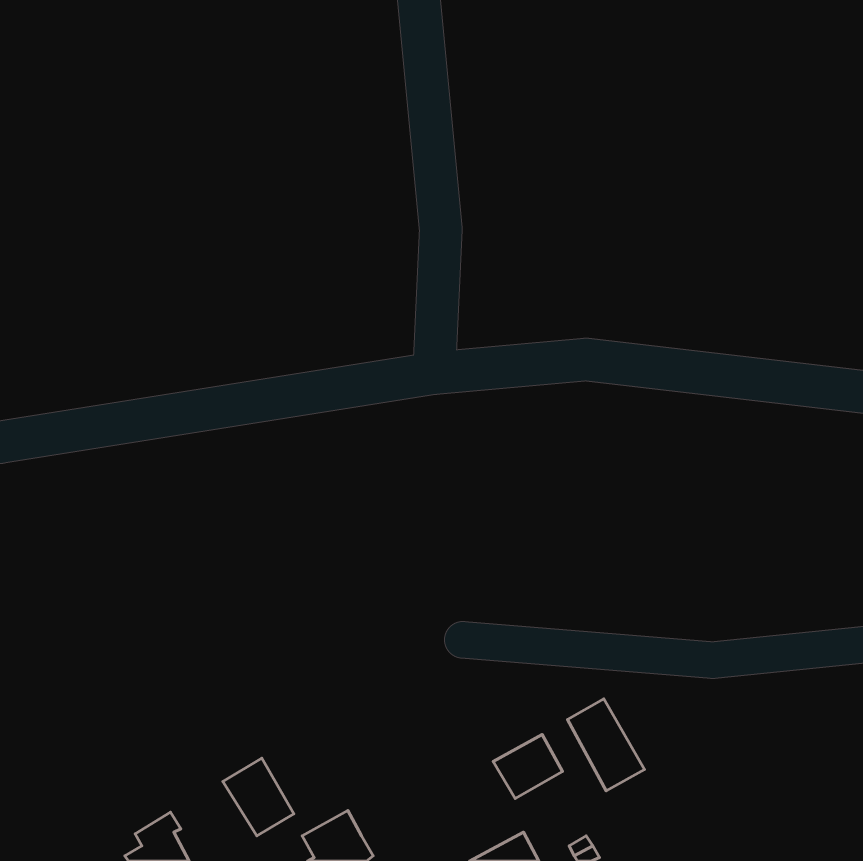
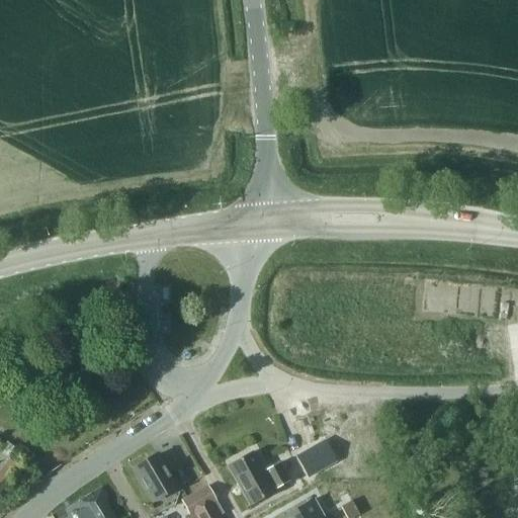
building: [568,699,645,791] -> none
building: none -> [228,452,289,505]

